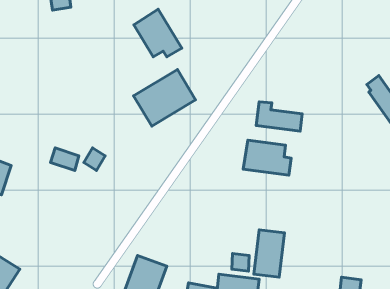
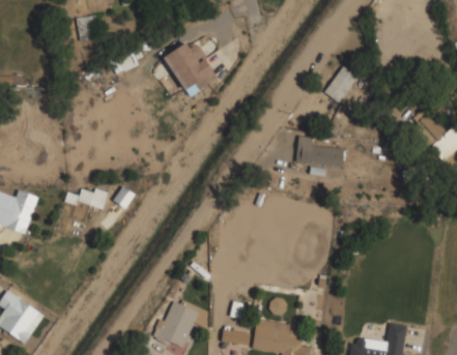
building: none -> [322,65,358,103]
building: [134,70,196,126] -> none
building: [243,140,291,175] -> none
building: [254,230,284,277] -> none

